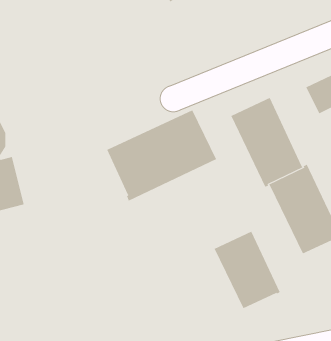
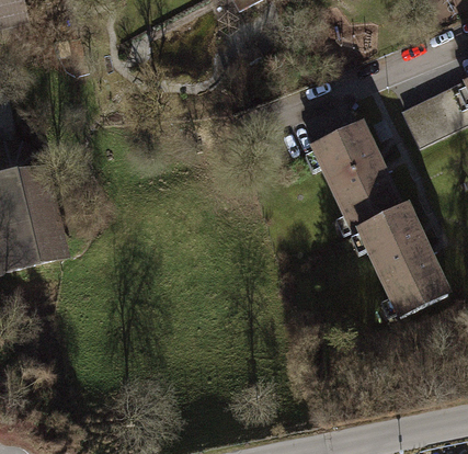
building: [106,109,217,202] -> none
building: [214,231,280,309] -> none

